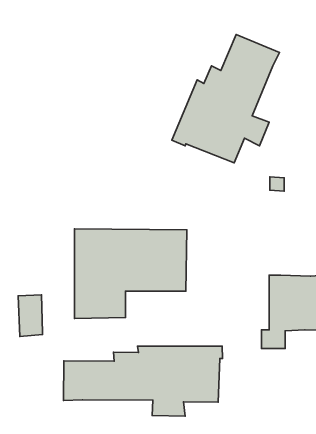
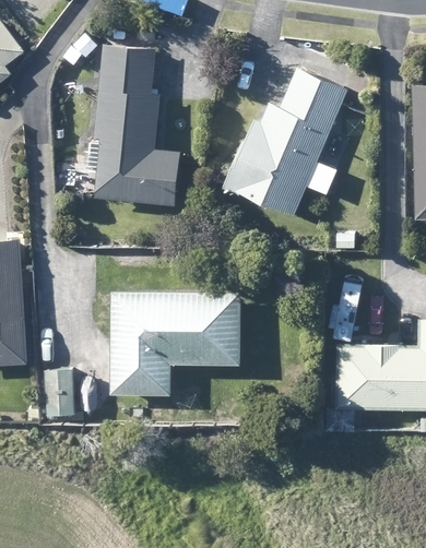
building: none -> [87,46,181,207]
building: [64,346,222,416] -> none

